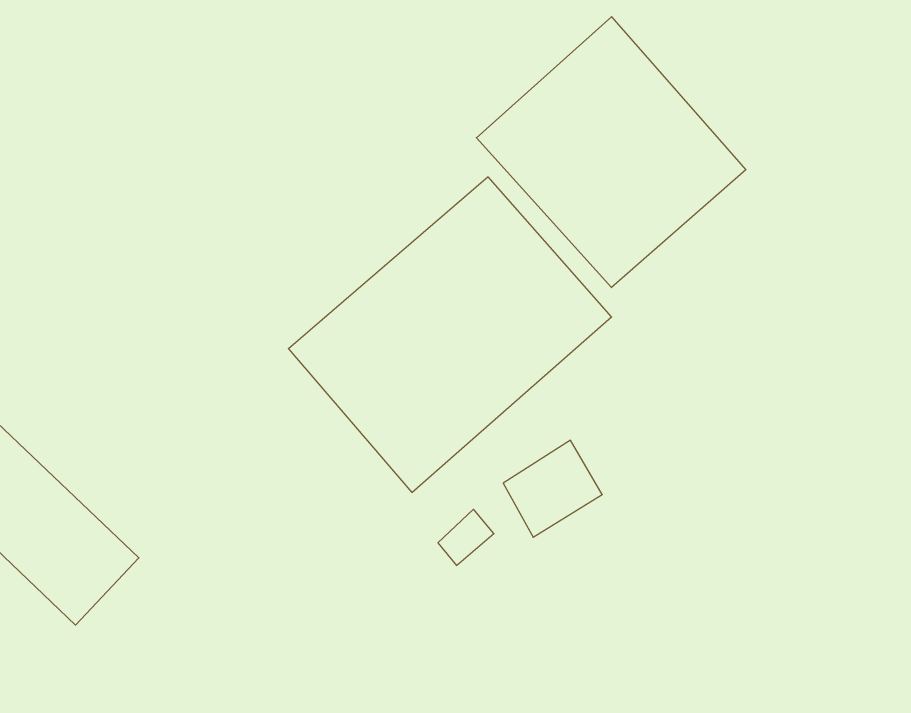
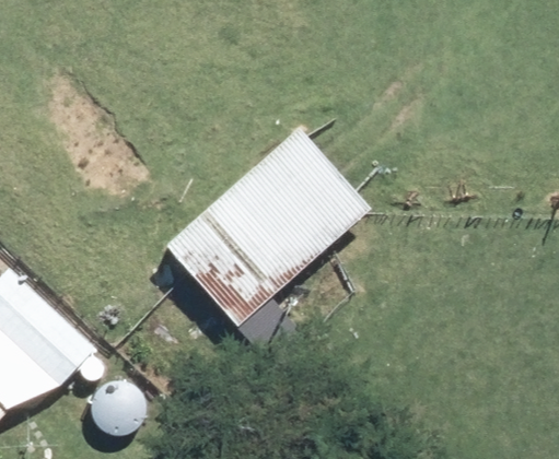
building: [476,17,746,288] -> none

